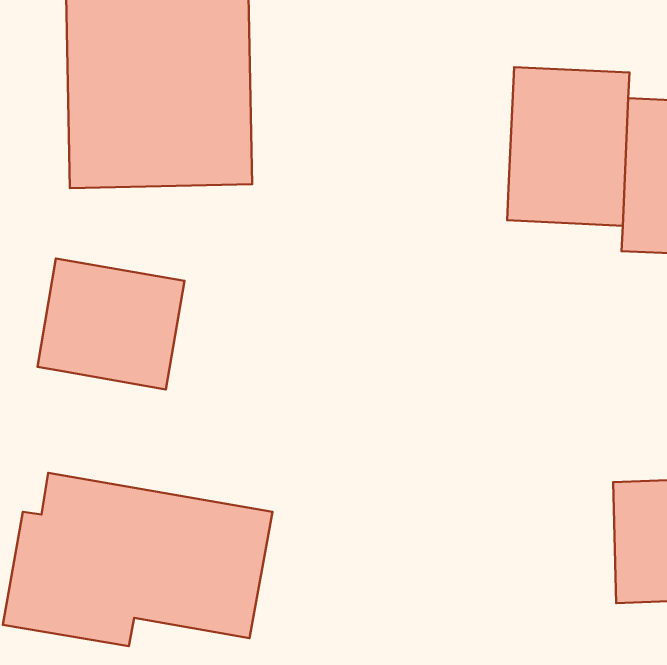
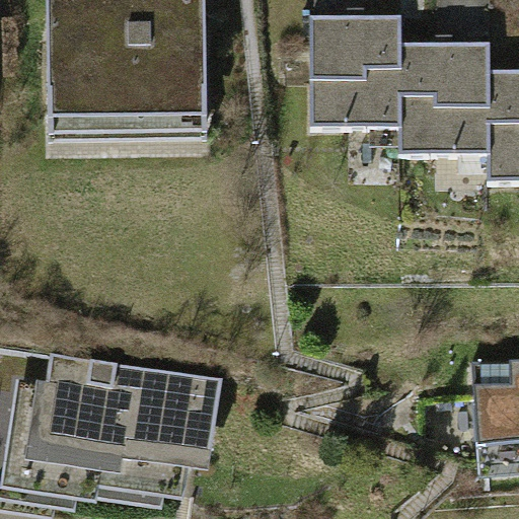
building: none -> [311,23,403,142]
building: [37,259,184,389] -> none

